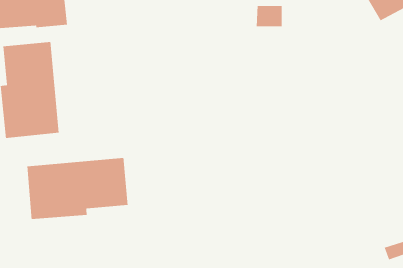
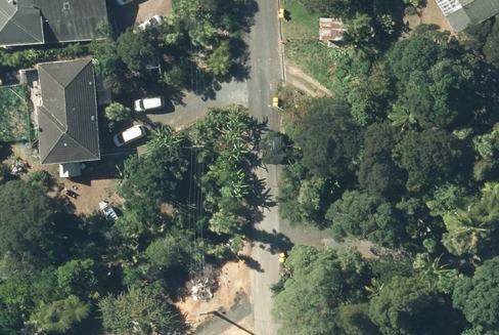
building: [27,157,128,220] -> none

